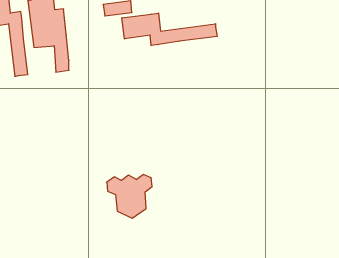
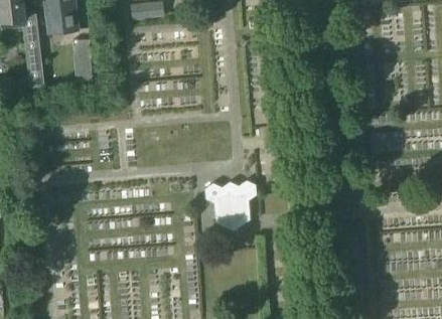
building: [122,13,217,46] -> none
building: [107,174,152,218] -> [204,180,257,230]

